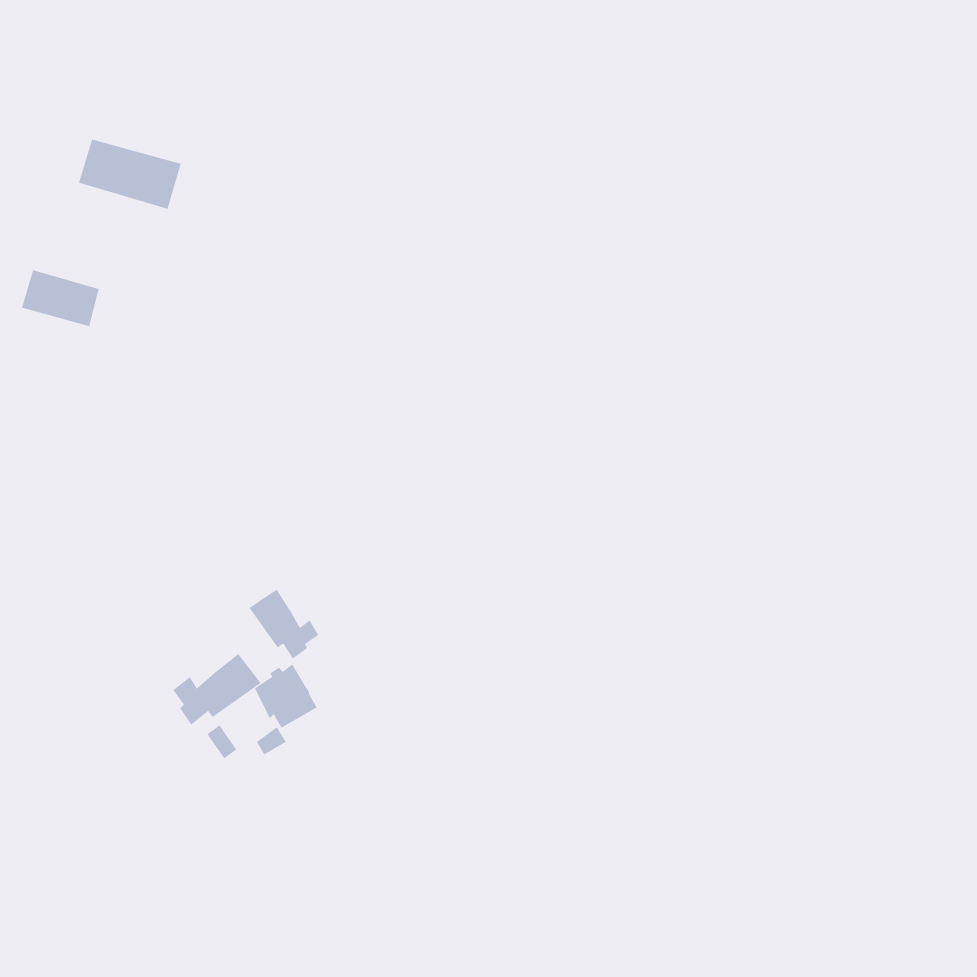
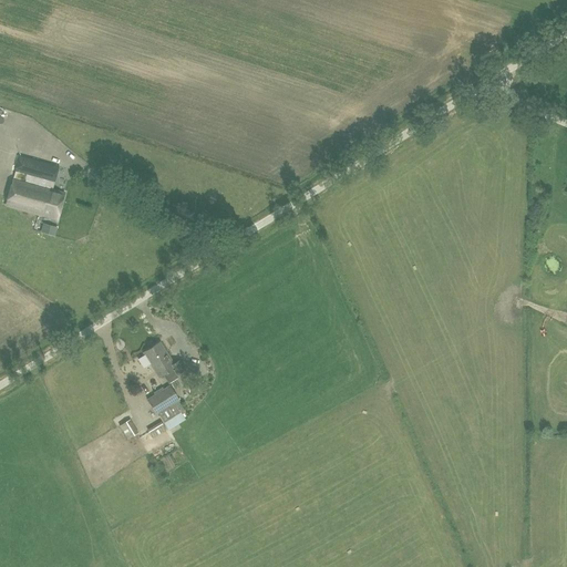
building: [78,139,181,209] -> [4,178,64,219]
building: [173,653,261,726] -> none

